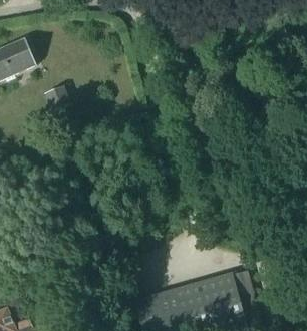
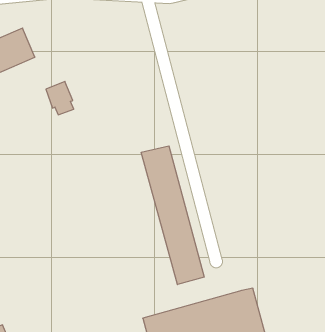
building: none -> [141,146,204,285]

